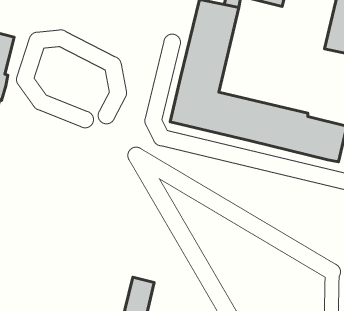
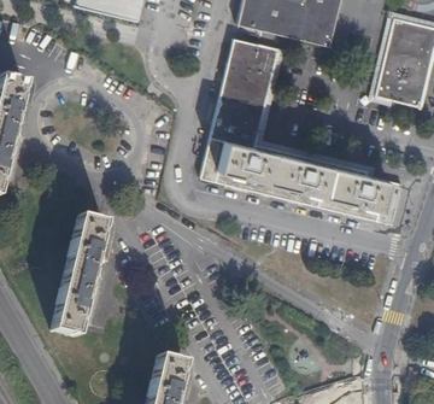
building: none -> [52,213,104,334]

